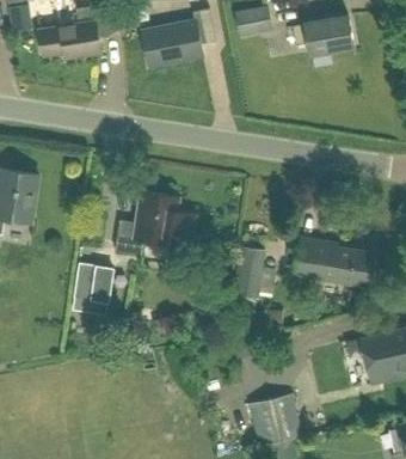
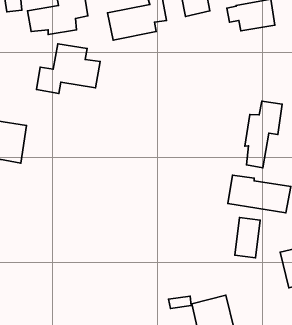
building: none -> [245,101,282,168]
building: [115,190,196,253] -> [36,44,100,93]
building: [234,246,266,298] -> [235,217,260,258]
building: [75,263,113,301] -> none

